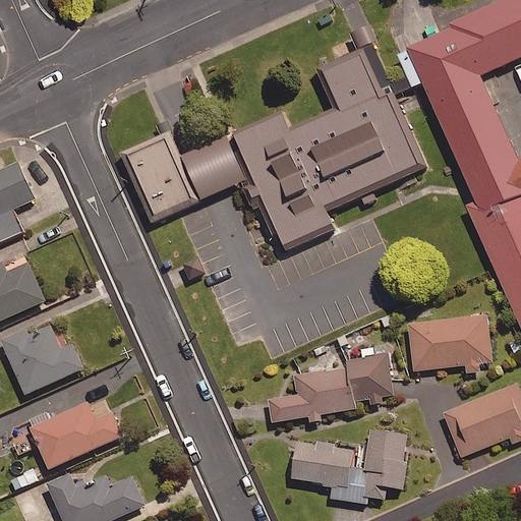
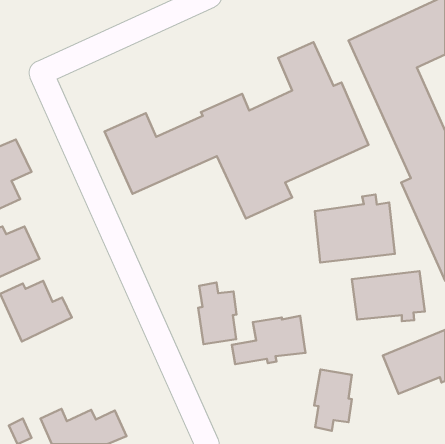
building: none -> [315,194,395,263]
building: none -> [198,282,237,344]
building: [347,351,393,405] -> none
building: [31,402,122,469] -> none
building: [291,443,354,487] -> none

